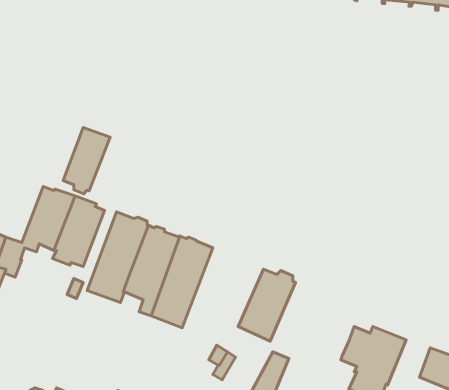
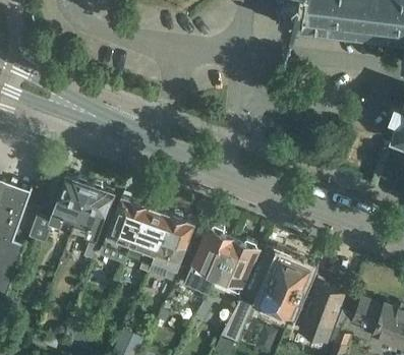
building: [63,128,110,194] -> none
building: none -> [182,227,234,299]
building: none -> [256,257,309,322]

